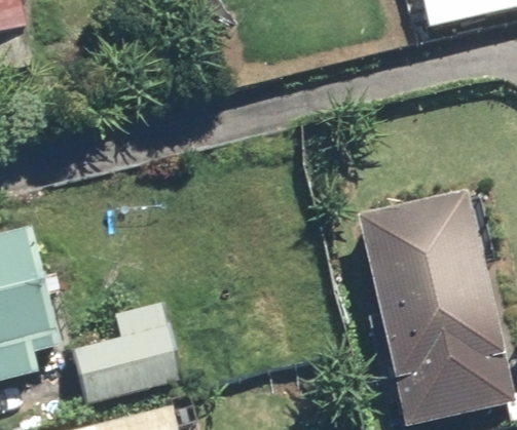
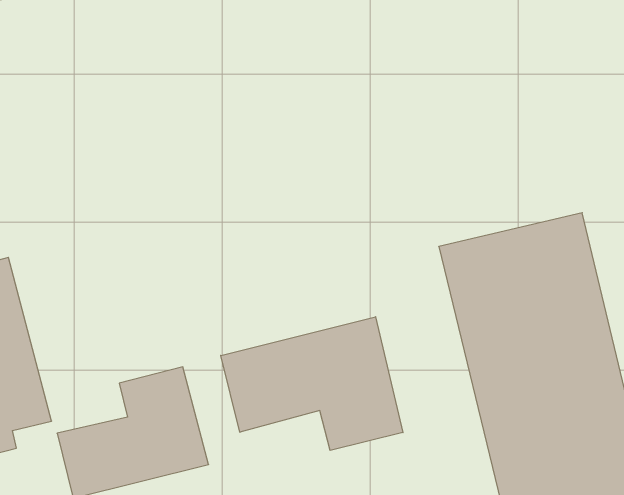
building: none -> [221,317,403,450]

